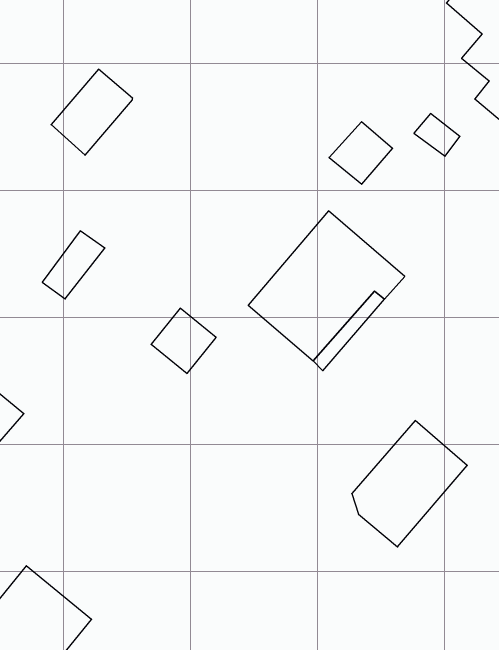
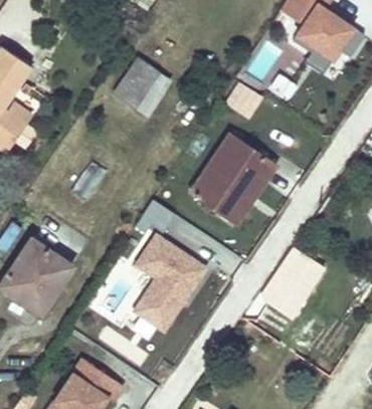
building: [51,69,133,155] -> [115,58,159,108]
building: none -> [134,233,210,333]

